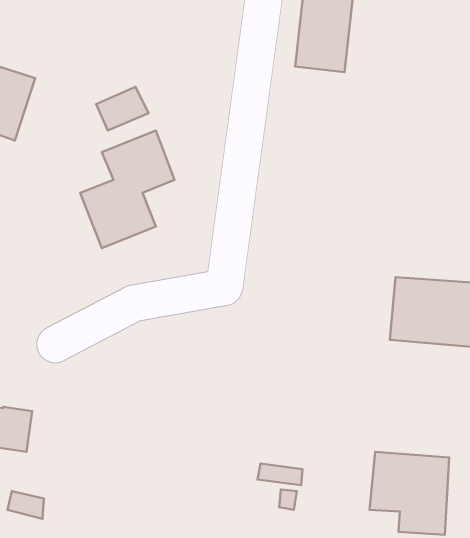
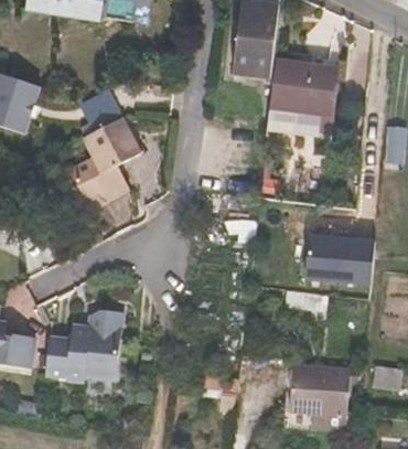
building: none -> [268,60,341,136]
building: none -> [45,300,122,374]

